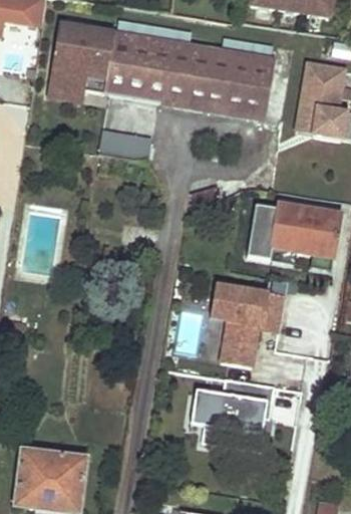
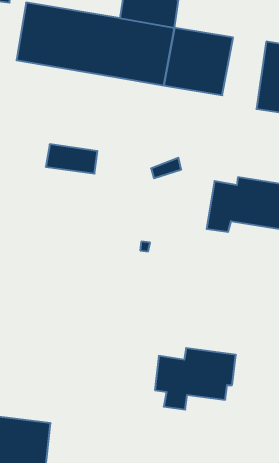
building: [100,126,153,157] -> [46,144,97,174]
building: [202,284,285,366] -> none

